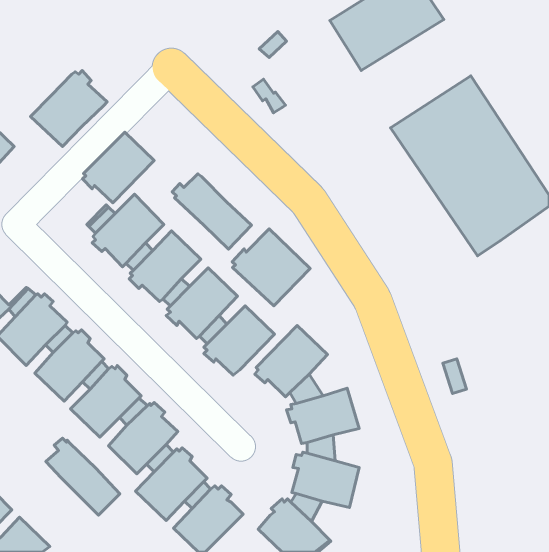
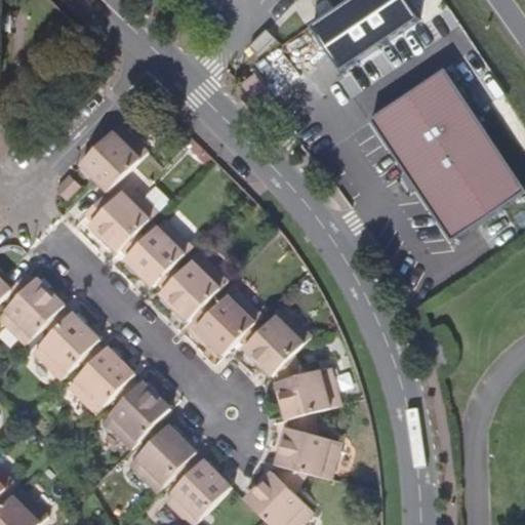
building: [31,71,107,146] -> none
building: [172,174,251,249] -> none
building: [232,229,310,306] -> none
building: [46,438,120,515] -> none

